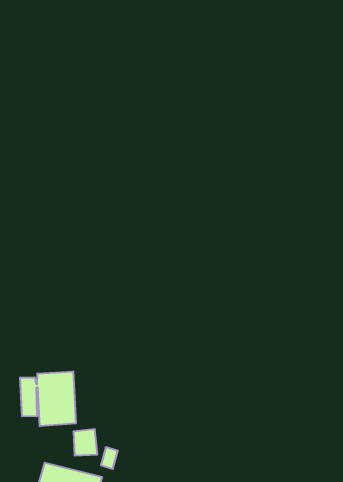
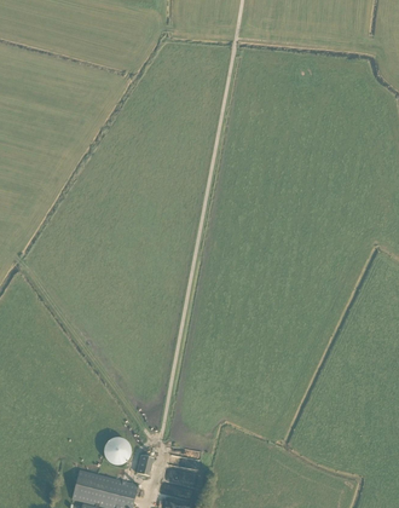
building: [20,371,76,426] -> none

